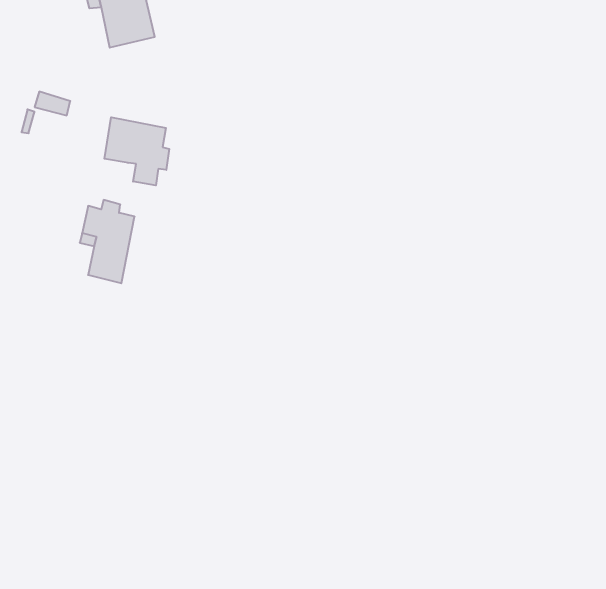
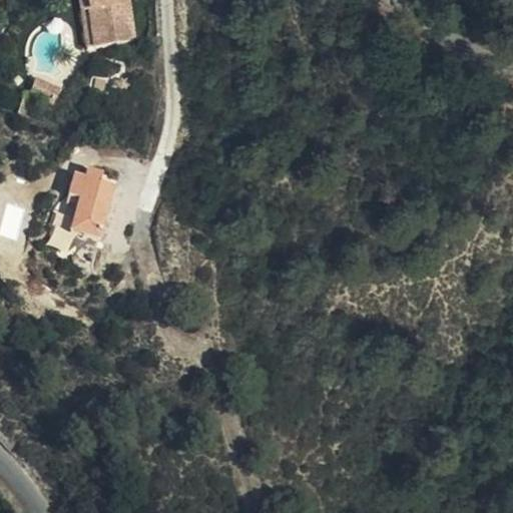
building: [104,117,169,185] -> none

